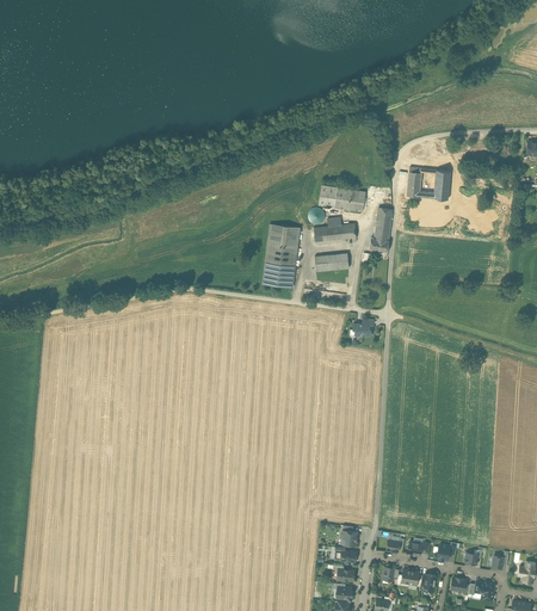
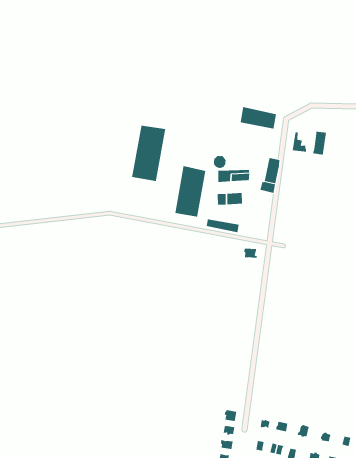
building: none -> [132,125,166,182]
building: [319,185,365,211] -> [240,107,277,129]

